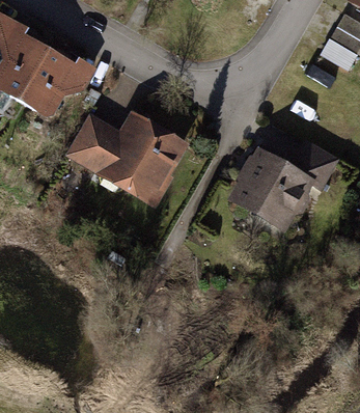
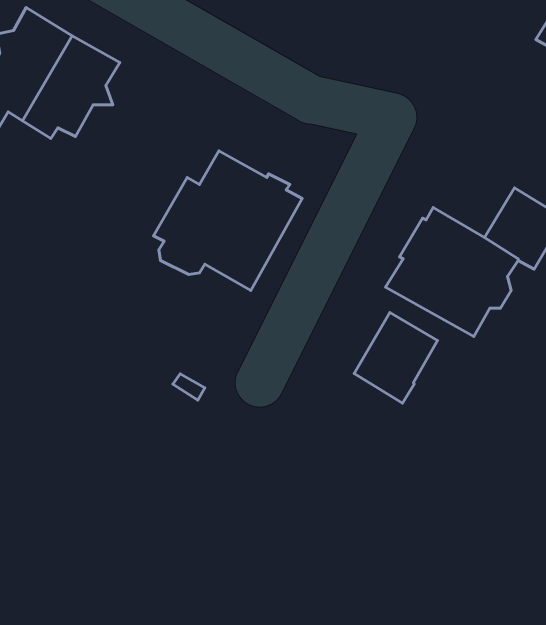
building: [67,116,116,167] -> none
building: none -> [354,313,438,403]

